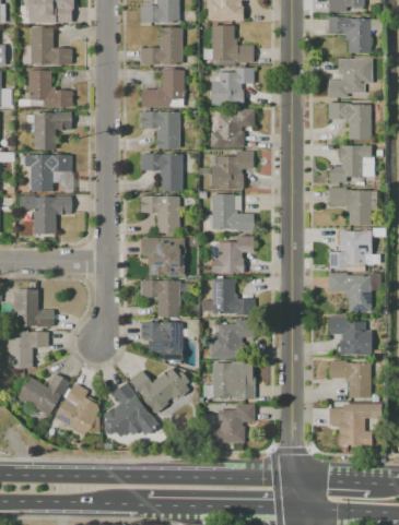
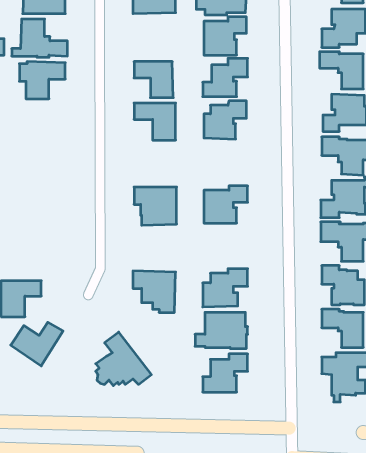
building: [142,69,184,107] -> none
building: [20,153,73,191] -> none
building: [211,194,254,231] -> none
building: [20,195,71,232] -> none
building: [140,195,179,232] -> none
building: [201,277,255,314] -> none
building: [140,278,192,317] -> none
building: [13,288,54,327] -> none
building: [129,367,189,414] -> none
building: [54,382,99,437] -> none

